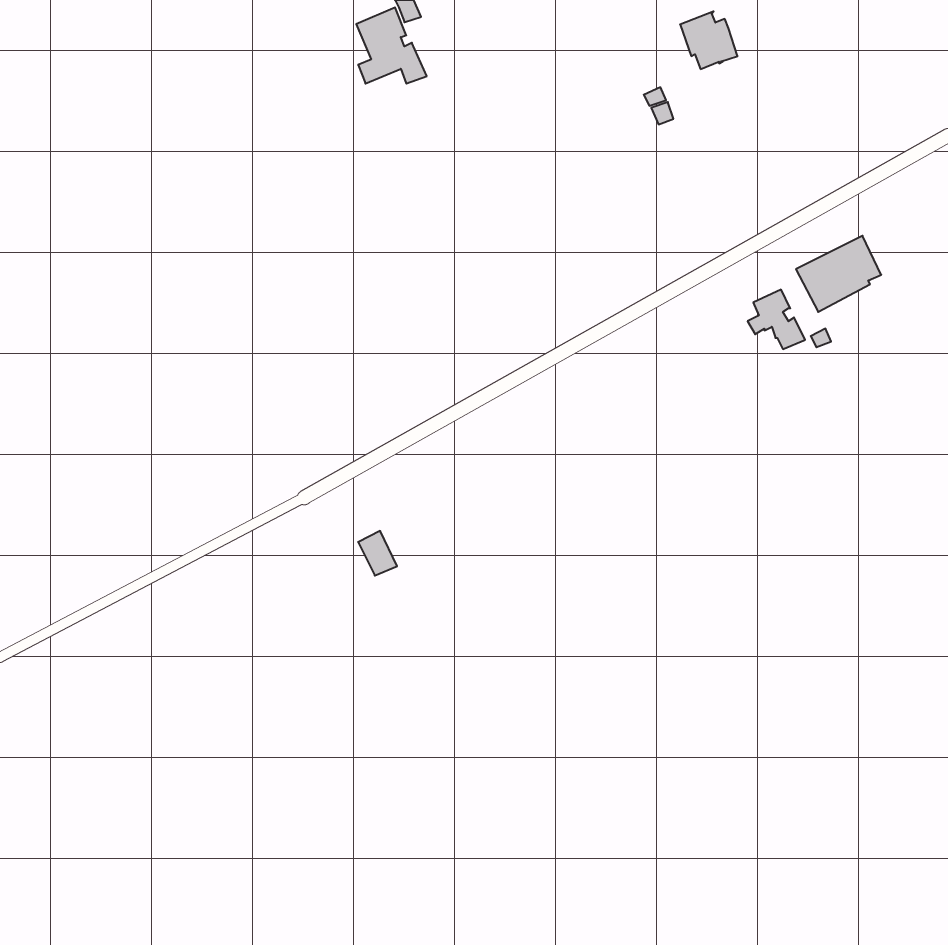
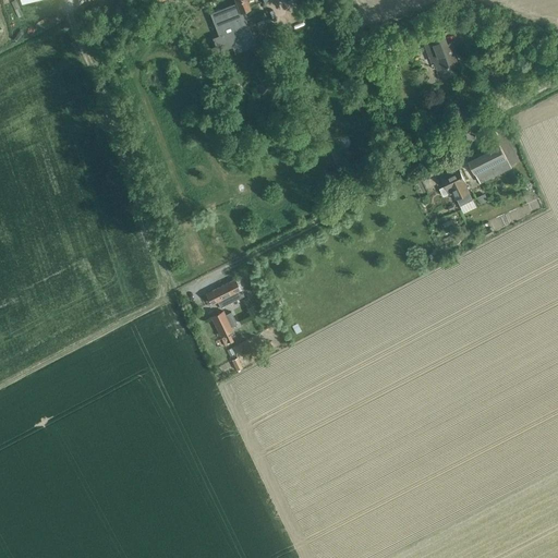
building: [680,11,738,69] -> [425,38,459,72]
building: none -> [207,282,243,308]

